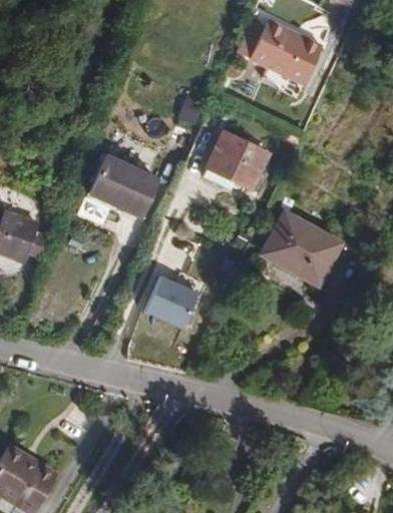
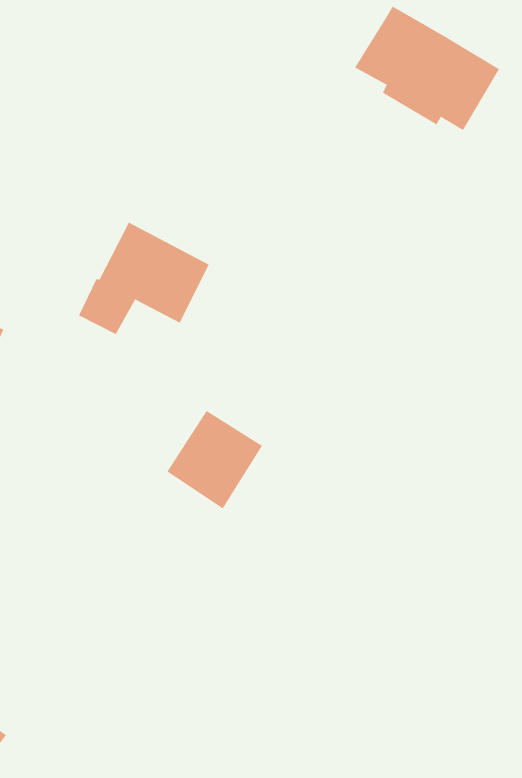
building: [203,129,267,186] -> none
building: [263,211,342,284] -> none

